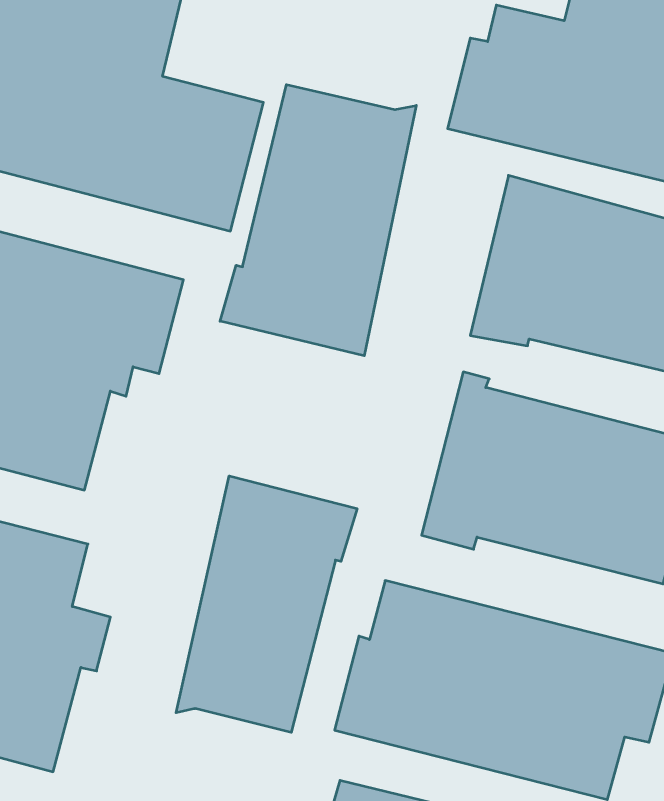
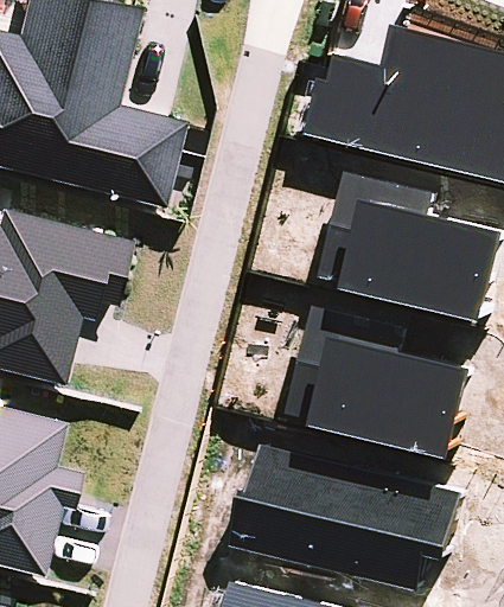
building: [220,85,416,356] -> none
building: [176,476,357,732] -> none

